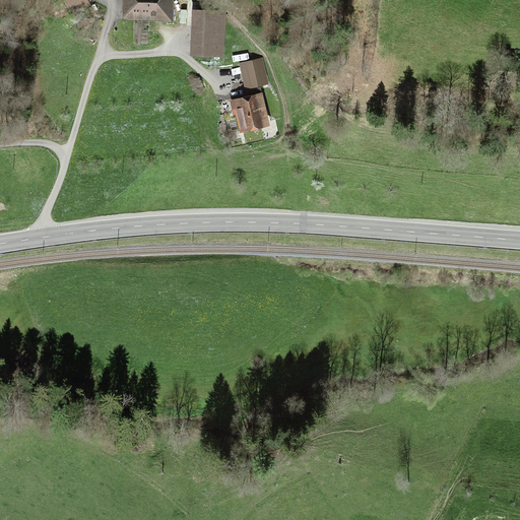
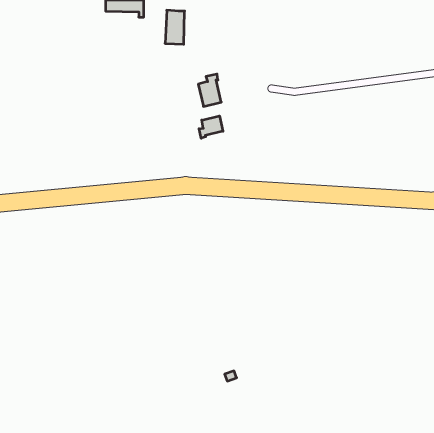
building: [243,62,266,88] -> none
building: none -> [199,116,223,138]

